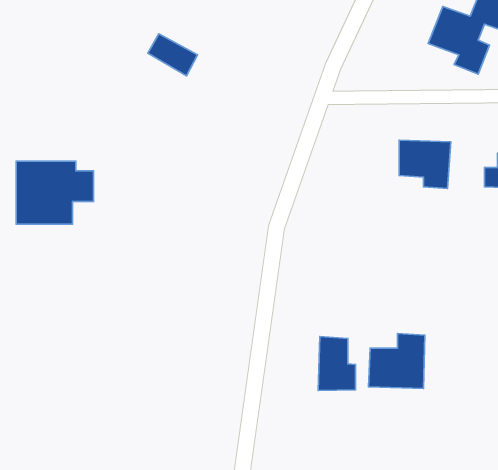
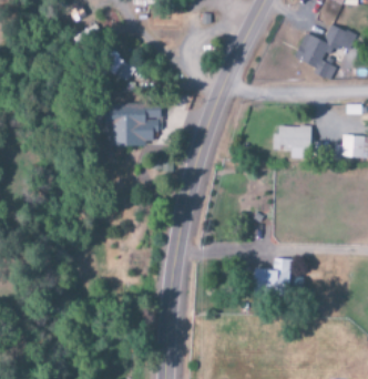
building: [16,161,93,224] -> [105,103,159,146]
building: [318,336,356,390] -> none

